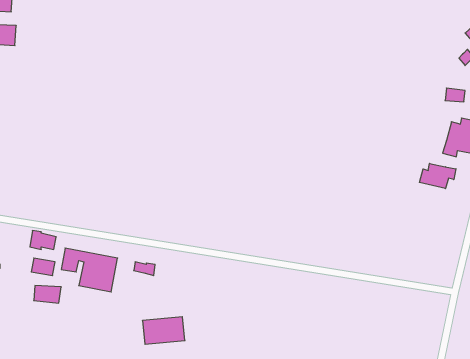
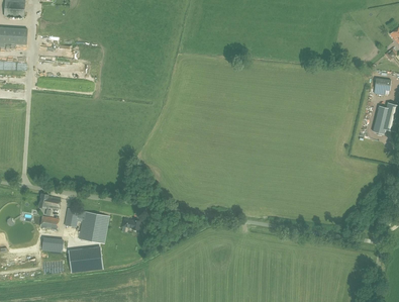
building: [419,163,456,189] -> none
building: [142,317,185,344] -> [69,248,103,271]

